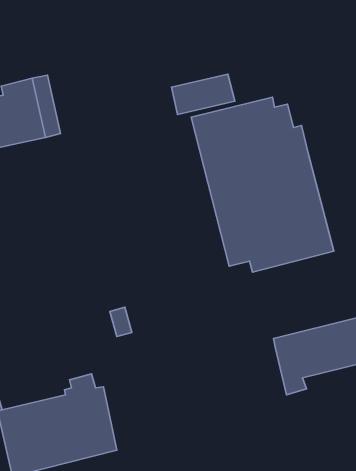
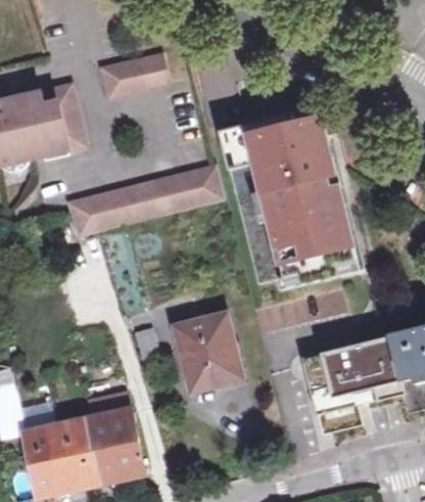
building: [171,74,235,114] -> [107,58,172,99]
building: none -> [70,171,225,237]
building: none -> [177,311,240,385]

